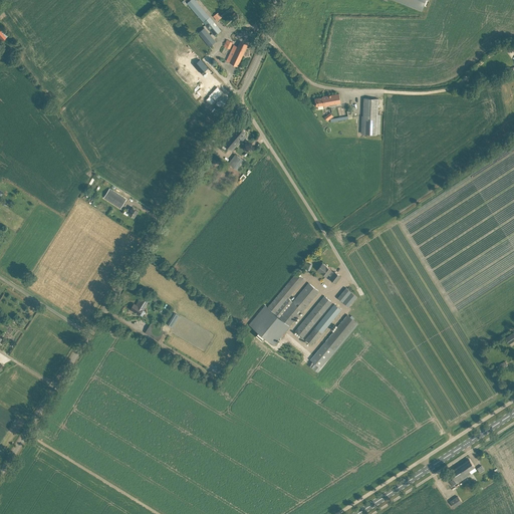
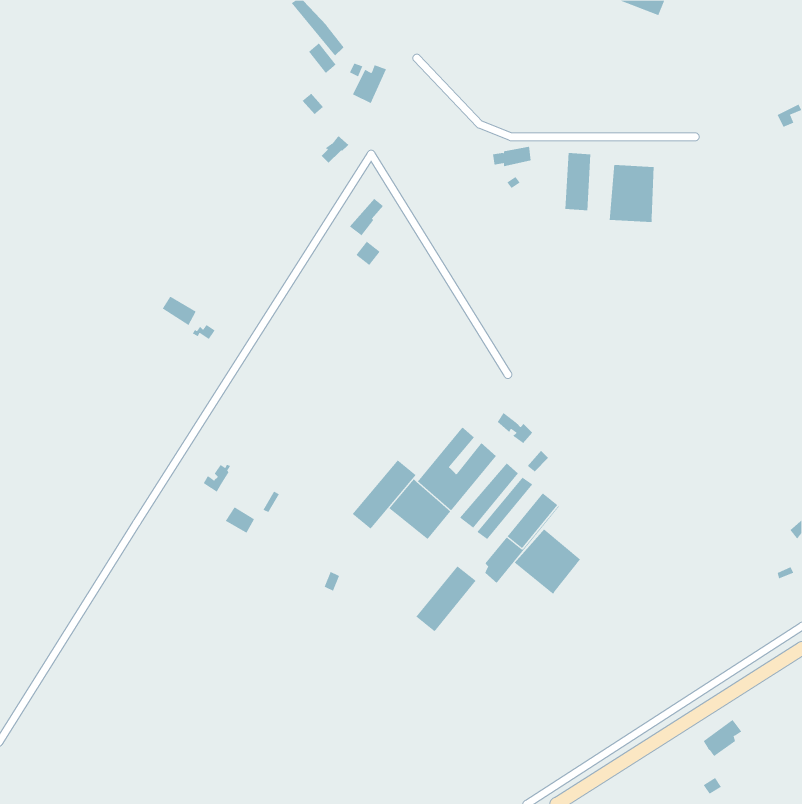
building: none -> [609,164,654,223]
building: none -> [352,460,416,530]
building: none -> [514,529,581,595]
building: none -> [415,565,477,632]

